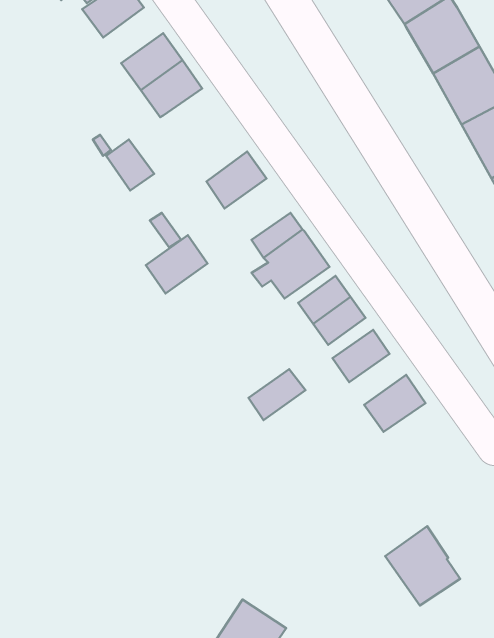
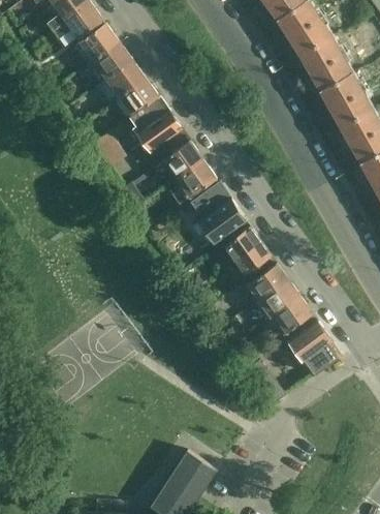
building: none -> [90,41,131,80]
building: none -> [128,97,181,151]
building: [146,235,207,294] -> [173,159,216,200]
building: [249,369,306,420] -> [259,280,298,315]
building: [385,526,460,606] -> [287,320,339,374]

